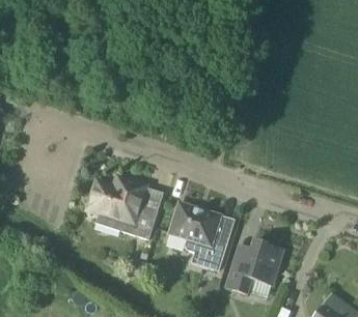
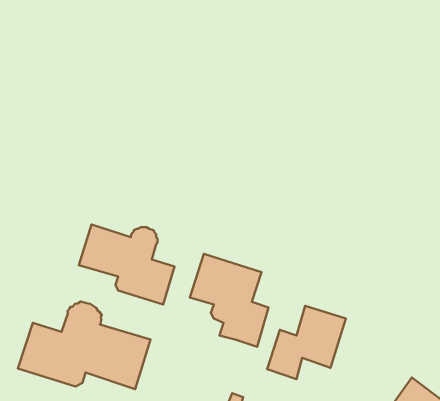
building: none -> [18,302,151,389]

